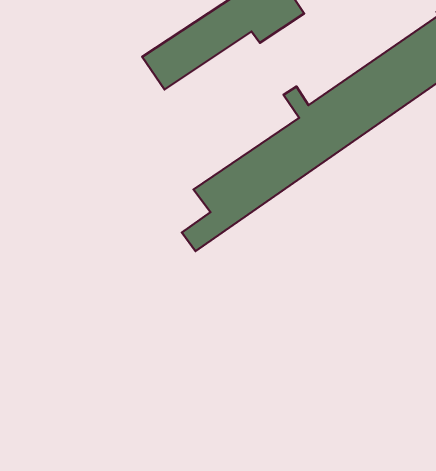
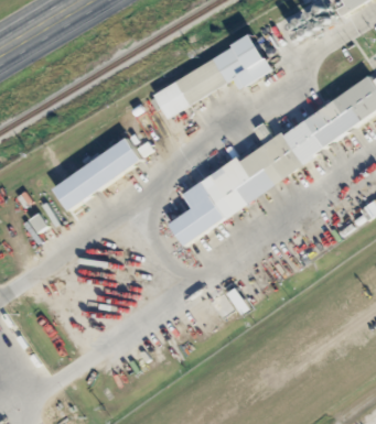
building: none -> [55,141,141,213]

